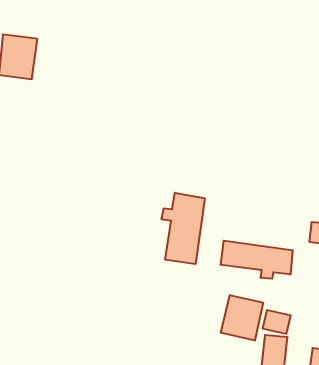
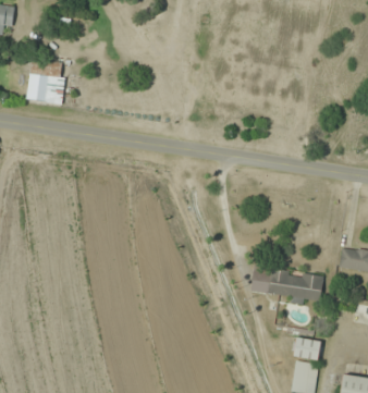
building: [162,193,205,264] -> none
building: [221,295,263,341] -> none

